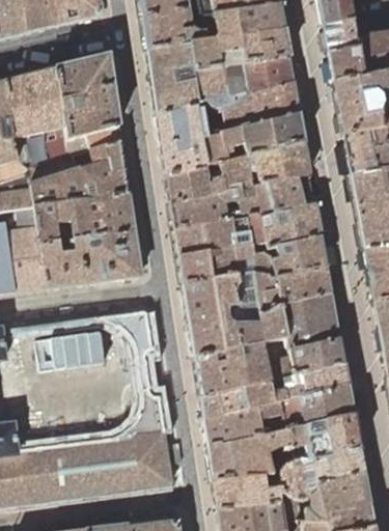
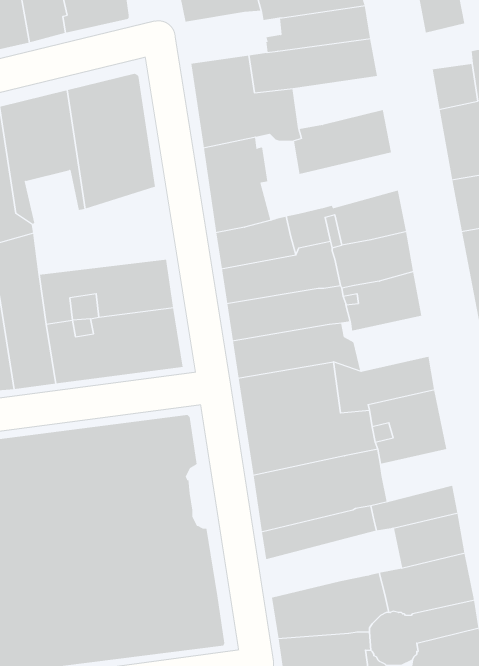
building: [144,9,205,49] -> none
building: [324,19,359,53] -> none
building: [225,58,293,97] -> none
building: [201,115,304,166] -> none
building: [30,141,131,206] -> none
building: [261,237,327,279] -> none
building: [290,337,344,376] -> none
building: [204,396,306,448] -> none

